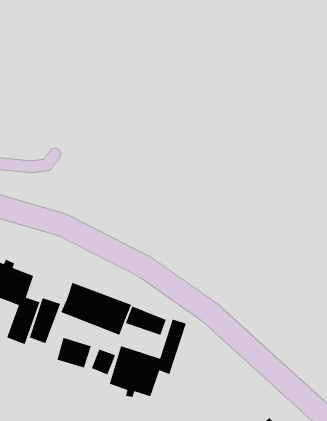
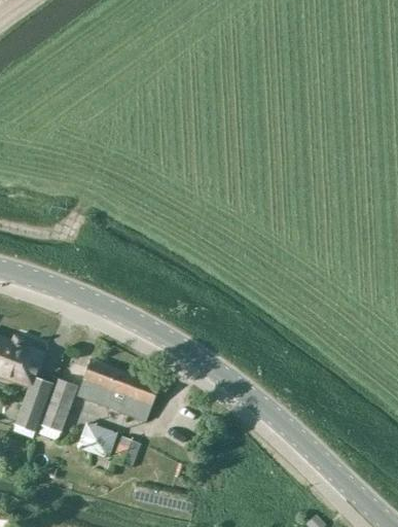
building: [125,306,167,336] -> none
building: [109,319,187,398] -> none

